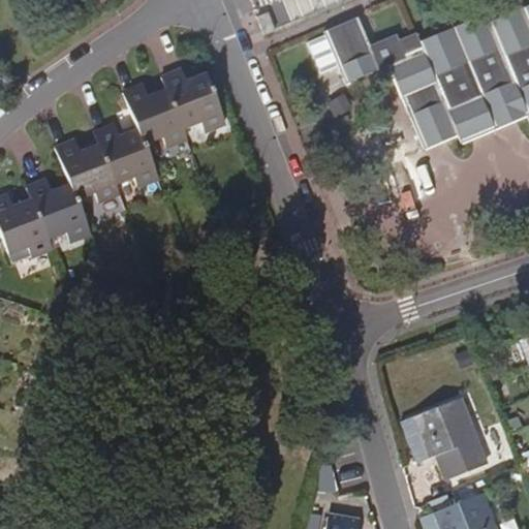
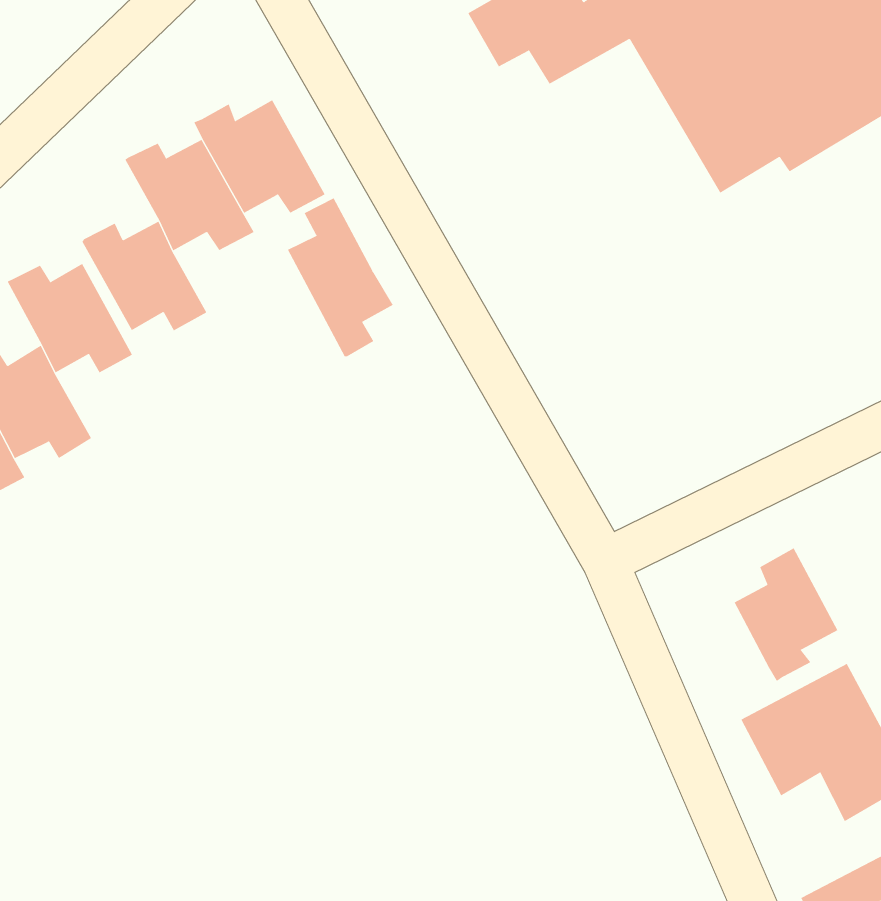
building: none -> [287,197,394,357]
building: none -> [734,548,838,682]

